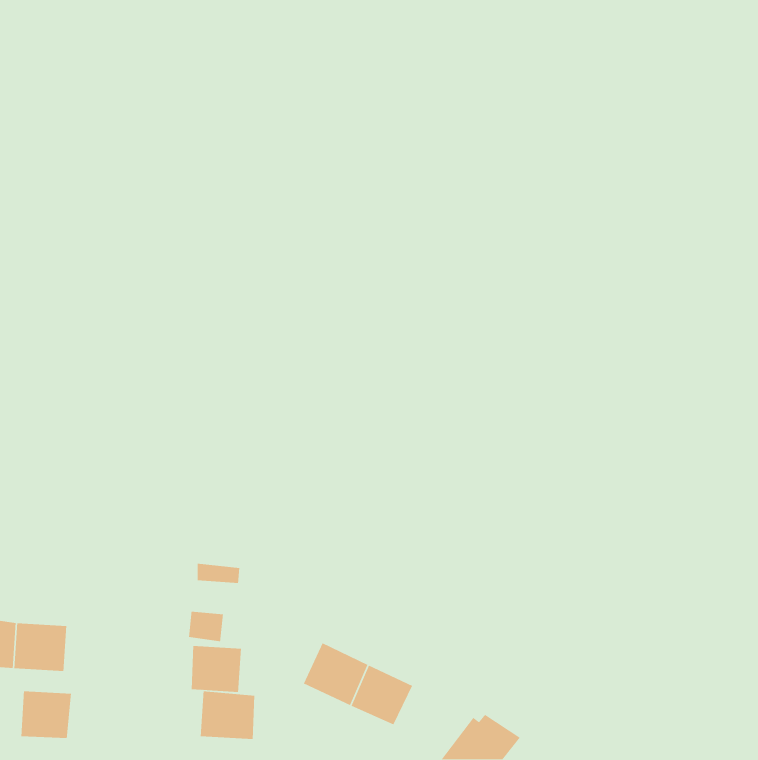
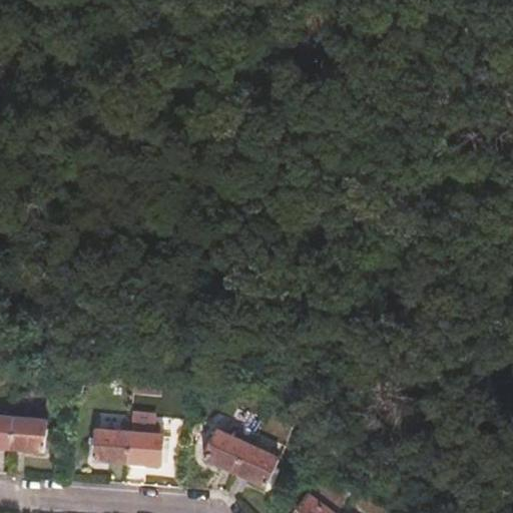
building: [20,690,72,739] -> none
building: [200,691,255,740] -> [92,430,129,463]

